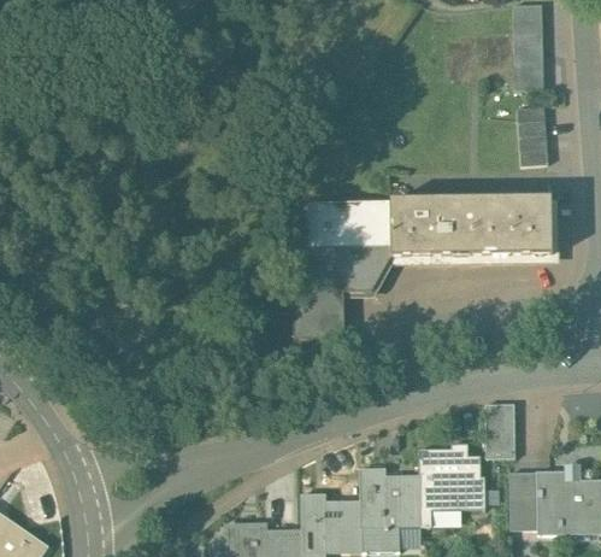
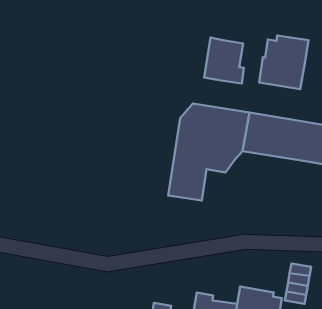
building: none -> [259,36,308,89]
building: none -> [204,37,244,83]

